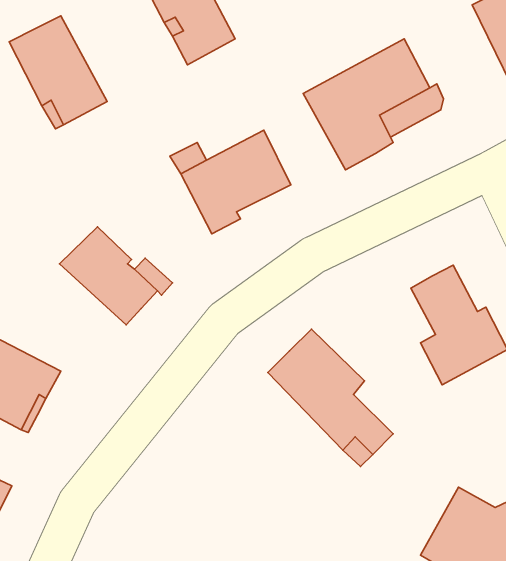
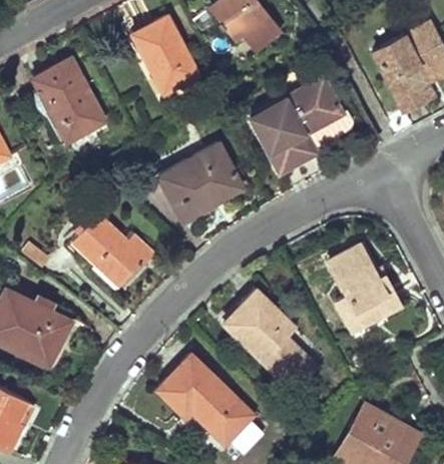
building: none -> [158,355,253,446]

